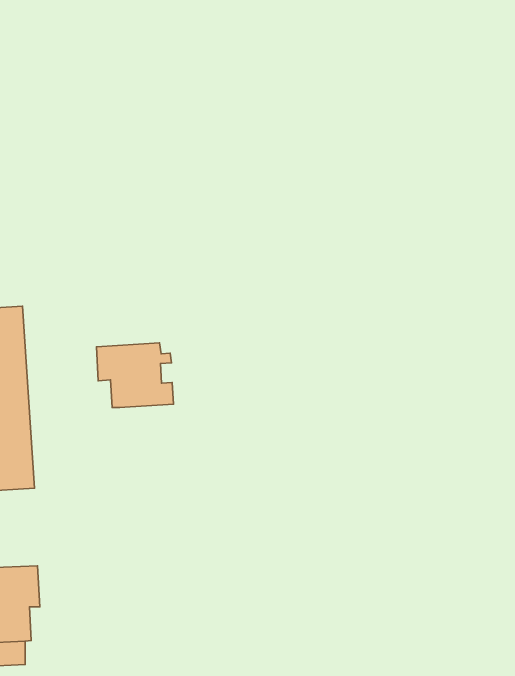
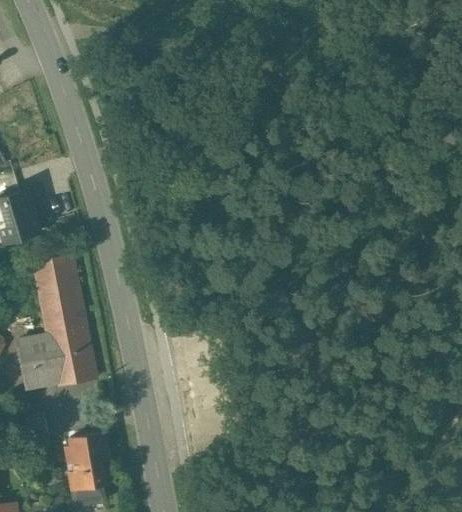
building: [96,343,174,408] -> none

